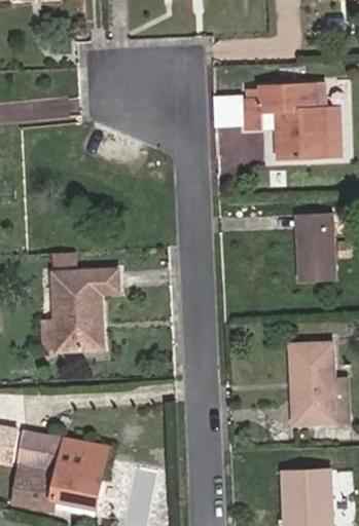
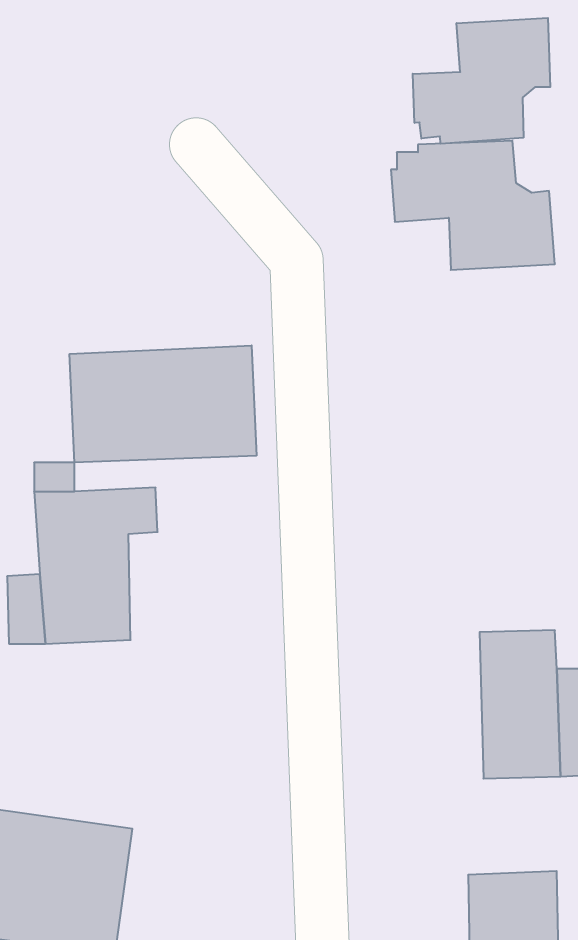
building: none -> [413,18,550,144]
building: none -> [70,345,256,463]
building: [289,212,332,279] -> none

